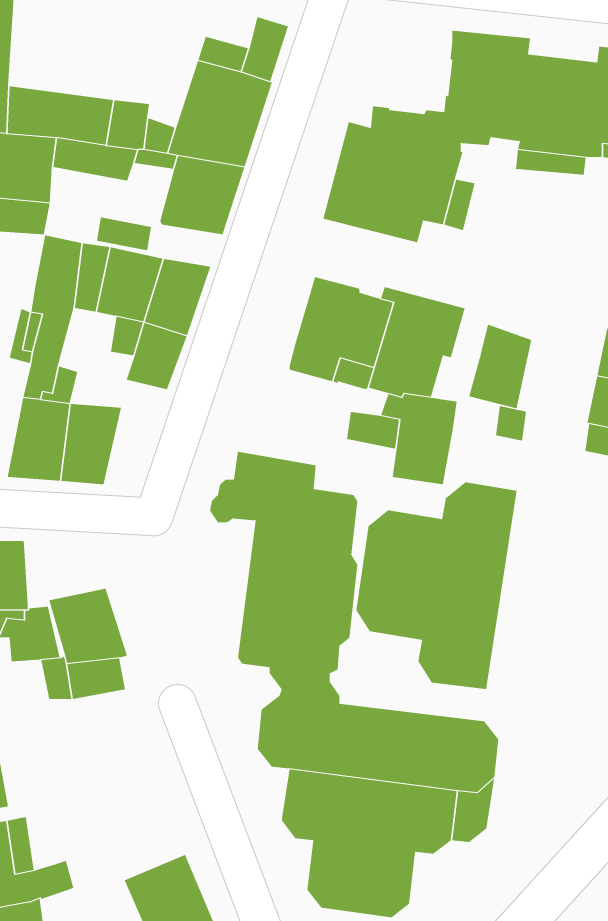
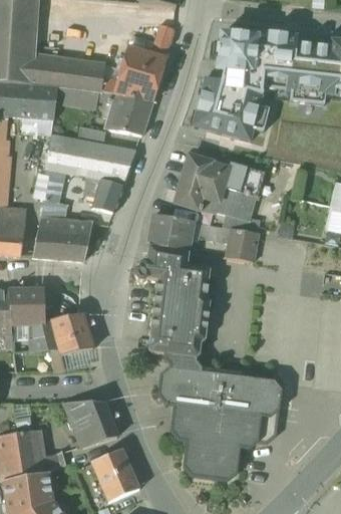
building: none -> [217,31,257,72]
building: [468,324,532,409] -> none
building: none -> [148,213,195,250]
building: [356,481,517,690] -> none
building: none -> [64,401,117,446]

